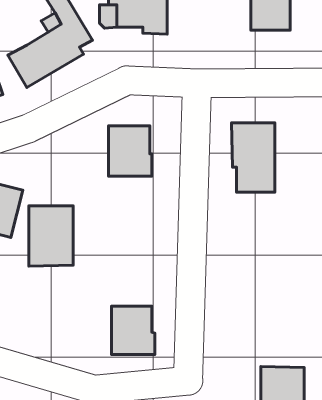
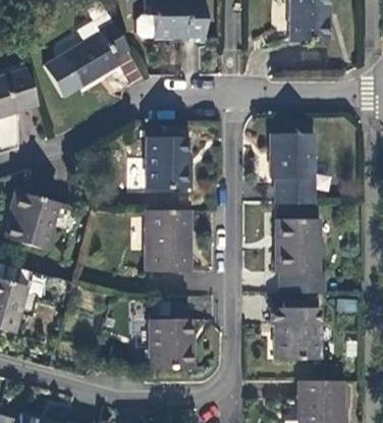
building: [29,206,73,266] -> [146,210,190,271]
building: none -> [277,219,326,293]
building: none -> [271,308,321,359]

